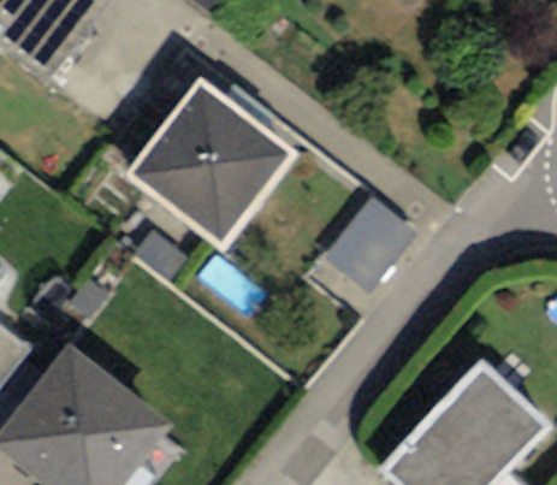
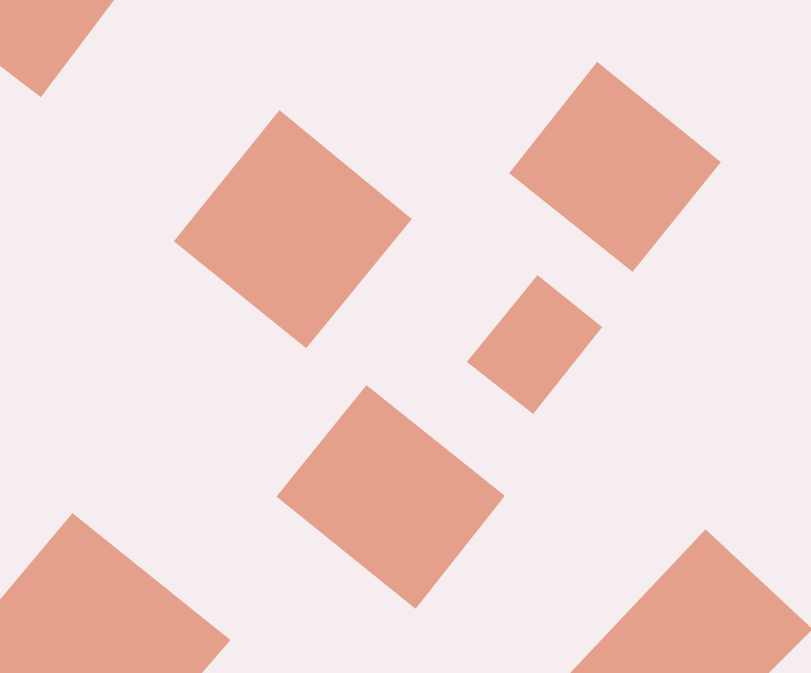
building: none -> [508,61,722,273]
building: none -> [276,384,506,610]

